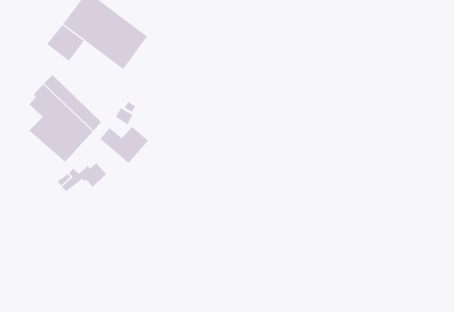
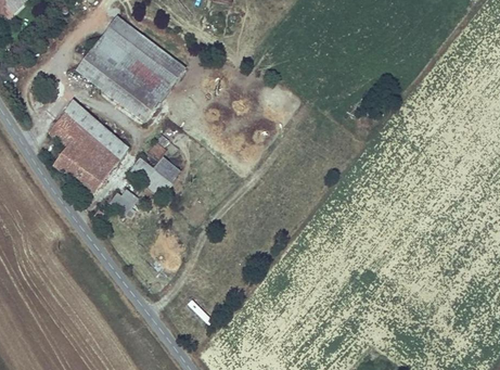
building: none -> [100,68,156,119]

